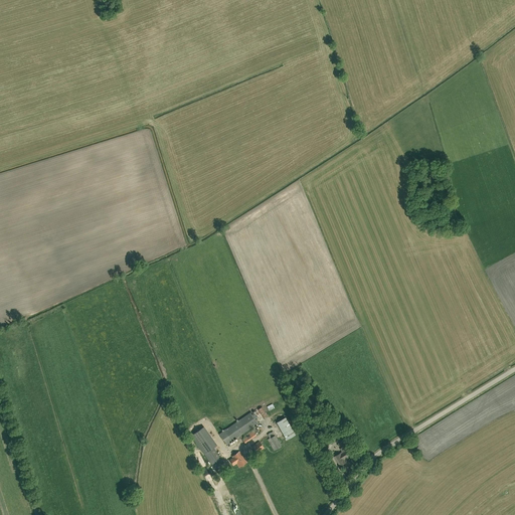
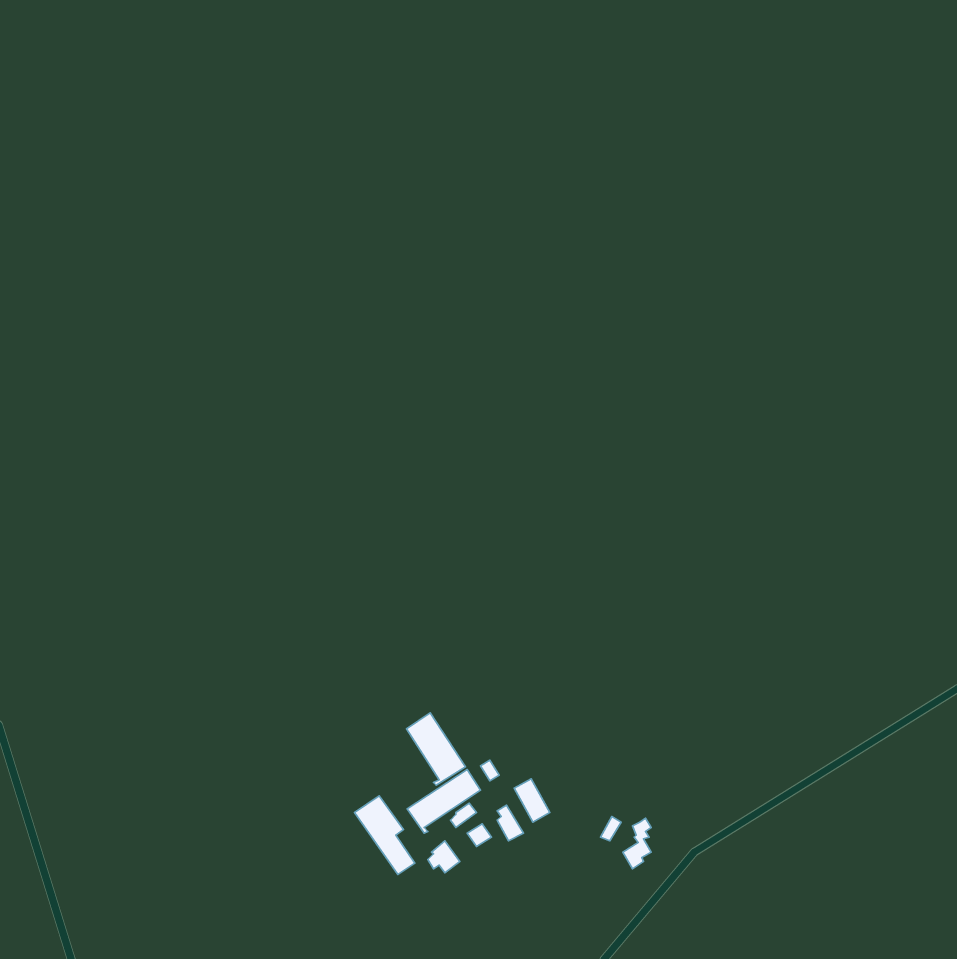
building: none -> [406,713,466,785]

